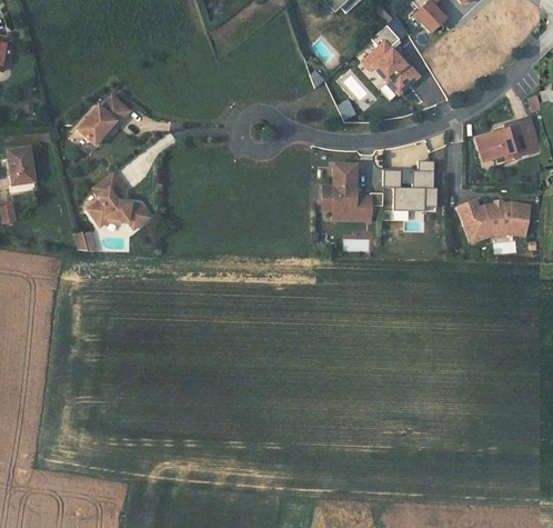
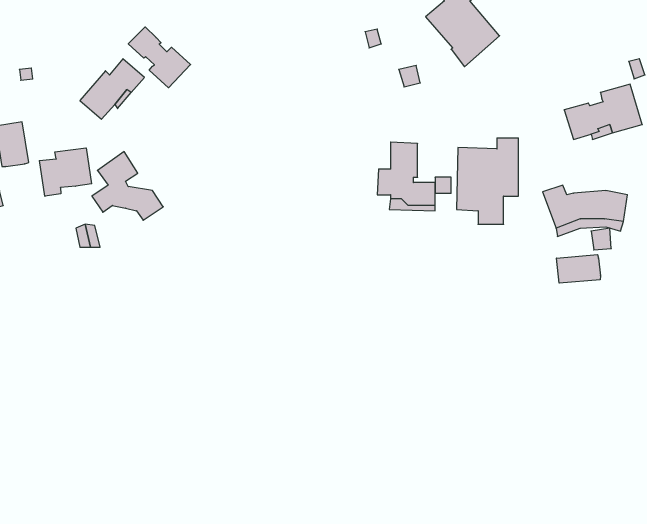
building: none -> [128,27,191,88]
building: none -> [39,148,92,196]
building: none -> [557,255,600,283]

